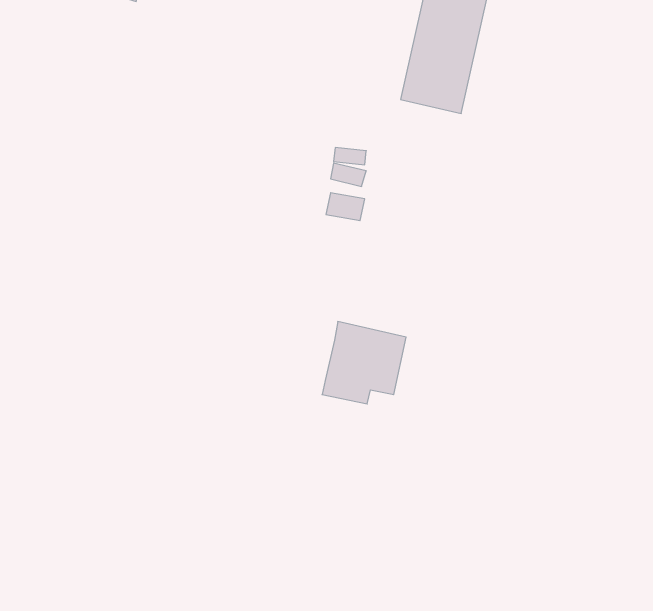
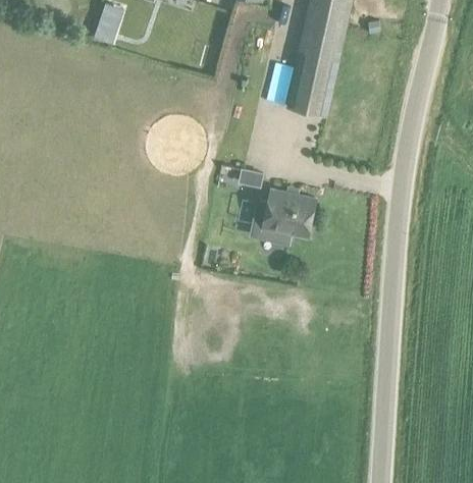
building: [322,322,406,404] -> [260,190,315,244]

